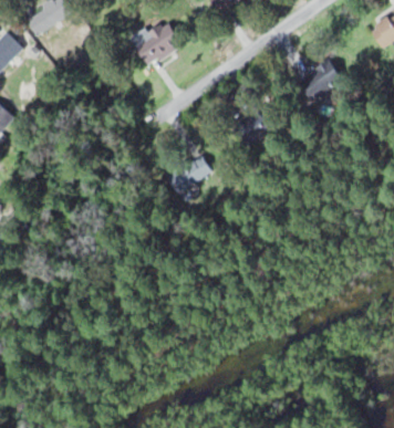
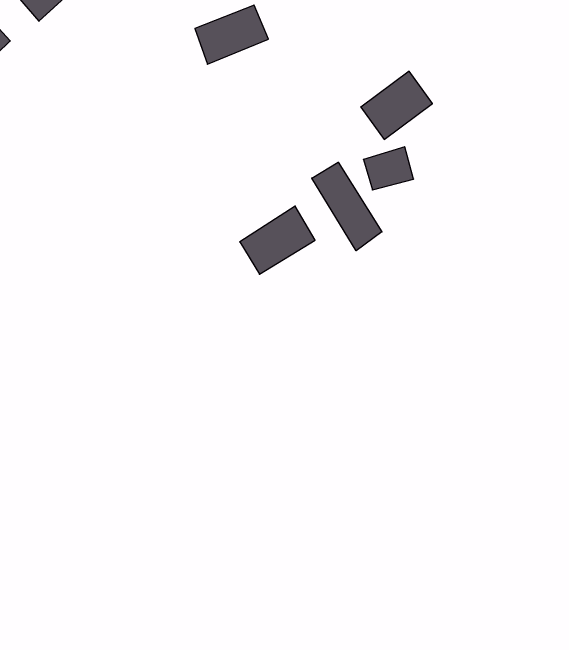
building: [298,60,342,102] -> [361,71,432,139]
building: none -> [312,162,382,251]

